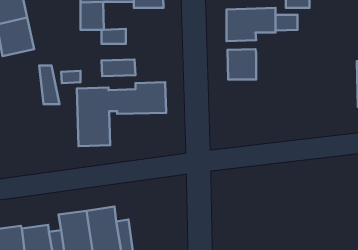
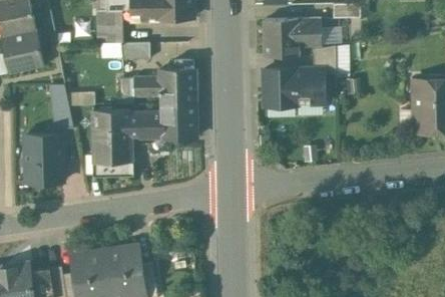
building: none -> [158,59,193,104]
building: none -> [298,69,335,92]
building: none -> [25,133,60,183]

